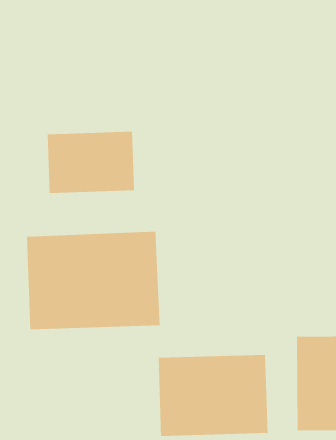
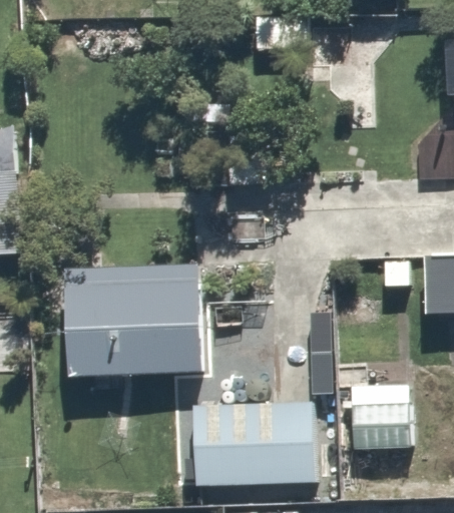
building: [47,131,135,194] -> none

